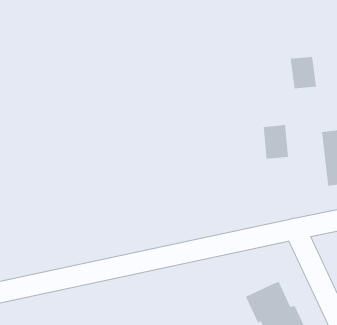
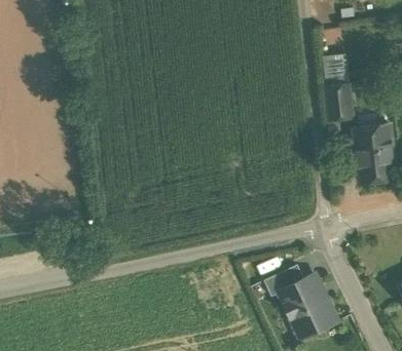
building: [263,125,289,159] -> [327,86,353,120]
building: none -> [264,266,304,298]

